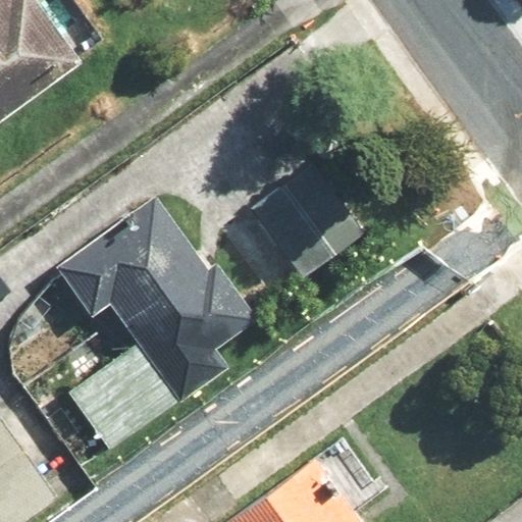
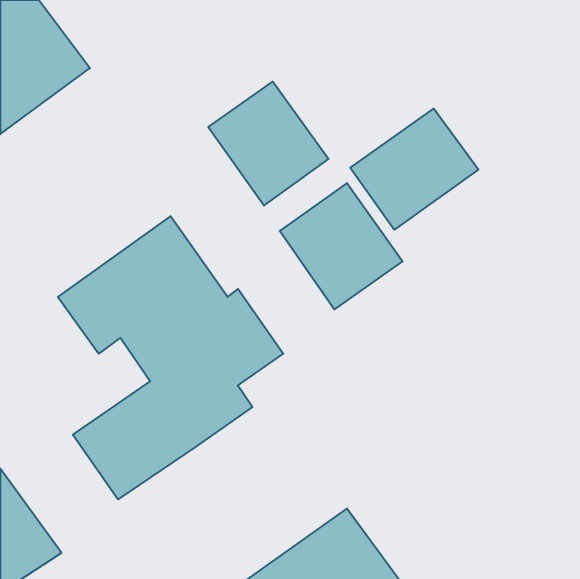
building: none -> [208,82,329,206]
building: none -> [350,109,478,230]

